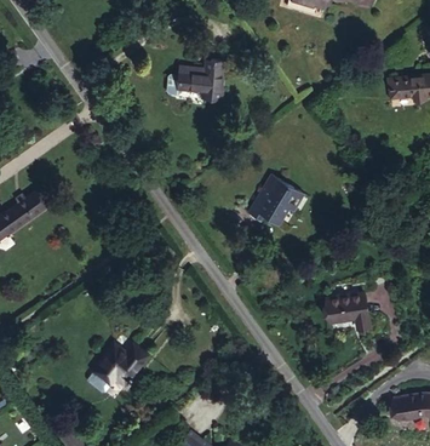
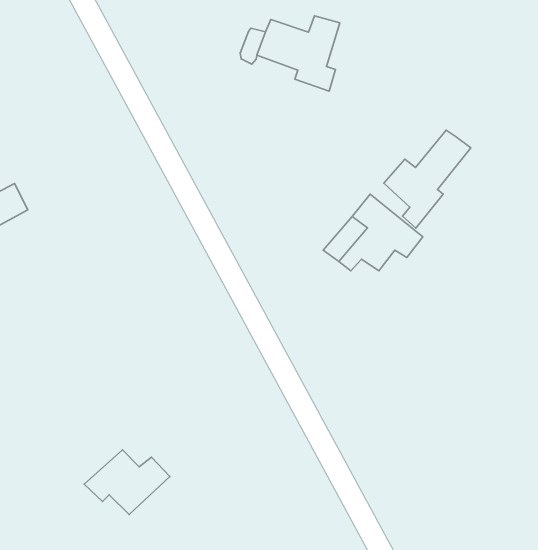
building: none -> [384,130,471,228]
building: [323,288,368,324] -> none

